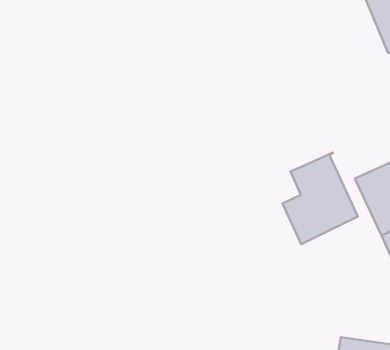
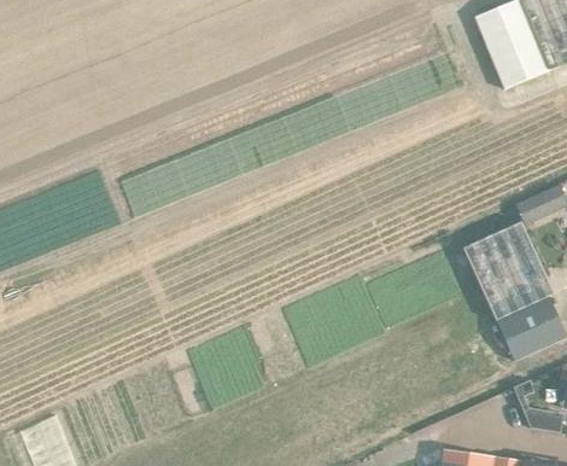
building: [282,152,358,244] -> none

